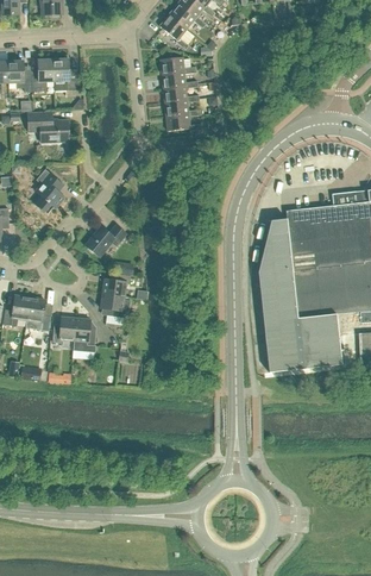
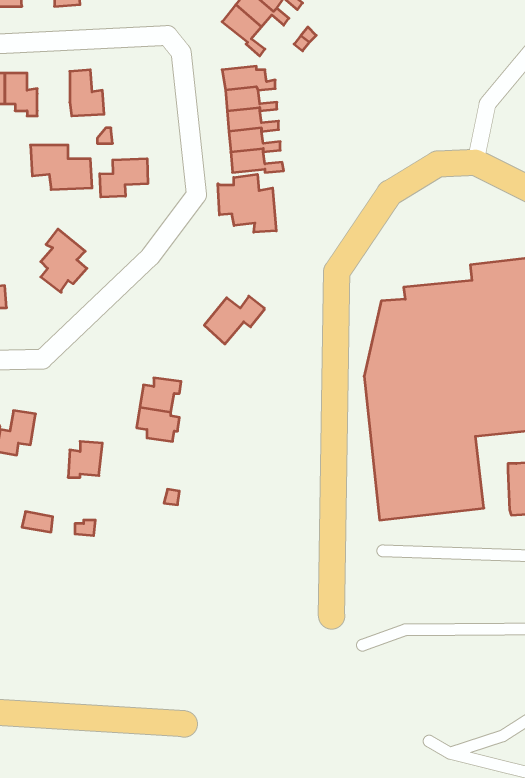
building: [31,60,54,90] -> none
building: none -> [100,159,148,197]
building: none -> [218,174,276,232]
building: [84,224,126,257] -> [204,296,264,344]
building: [26,298,52,331] -> none
building: [73,318,96,351] -> none

